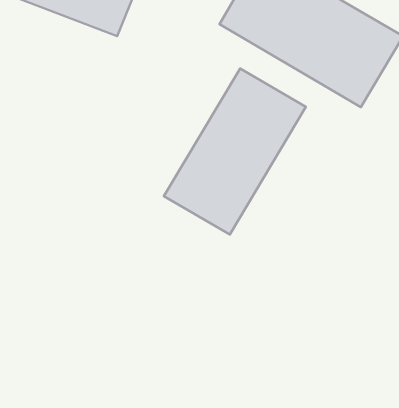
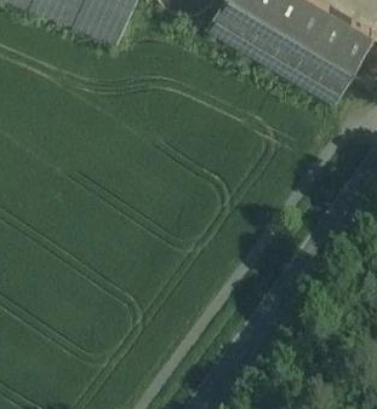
building: [164,68,306,234] -> none

